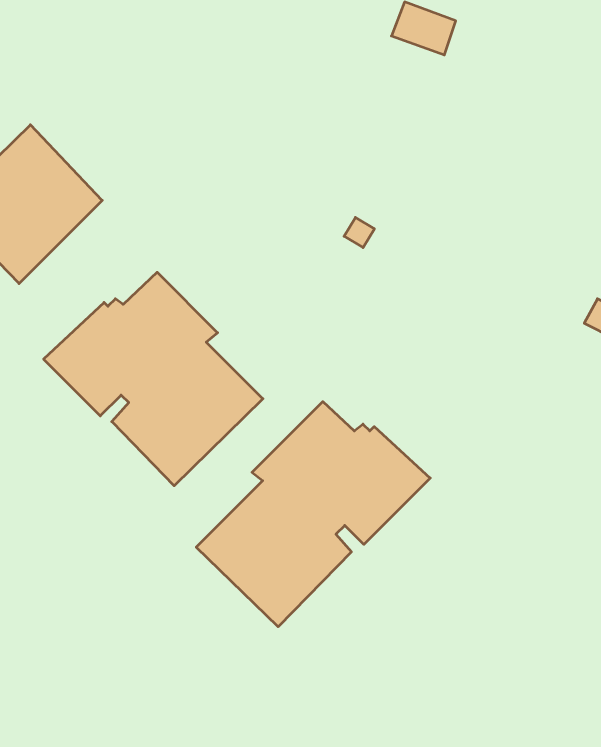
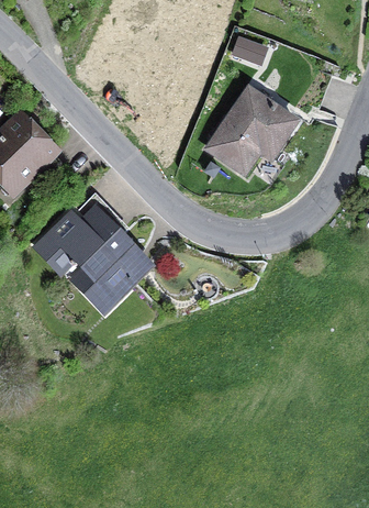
building: none -> [203,84,302,177]
building: [196,402,430,627] -> none

